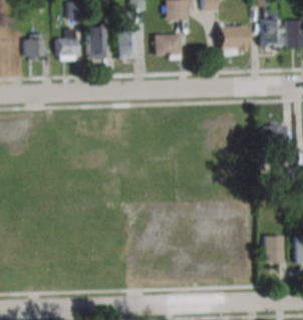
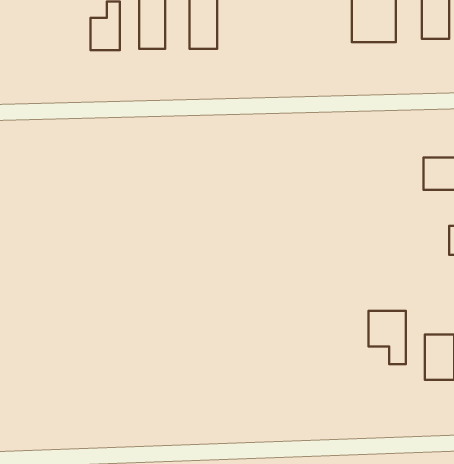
building: [156,34,181,59] -> none
building: [26,35,46,61] -> none
building: none -> [368,311,406,364]

